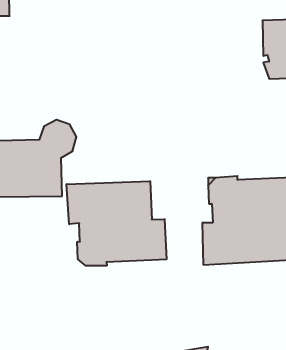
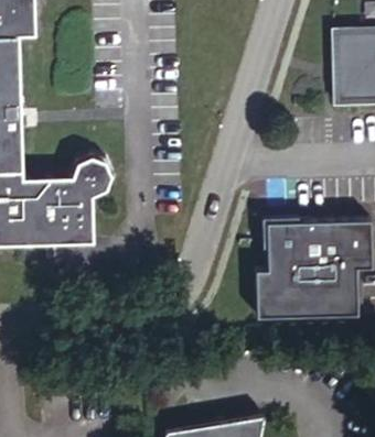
building: [67,181,166,266] -> none

